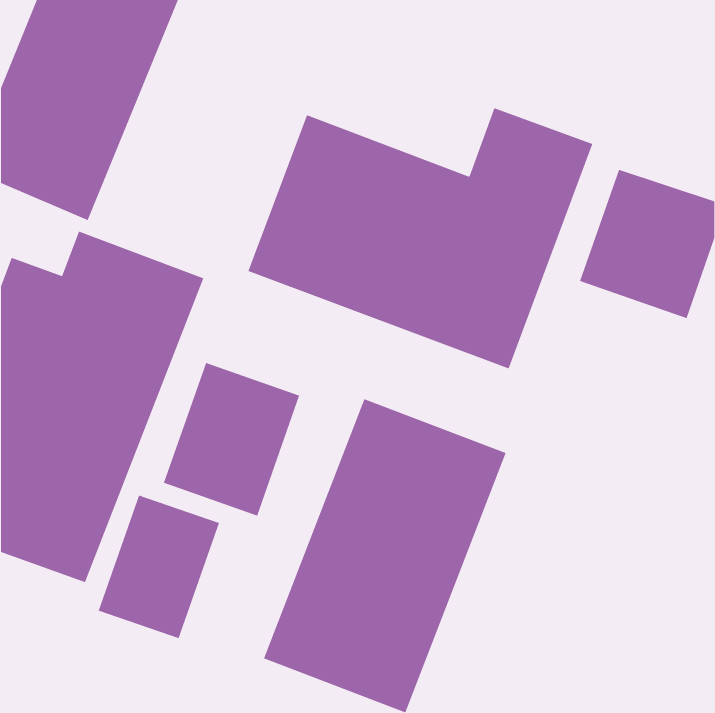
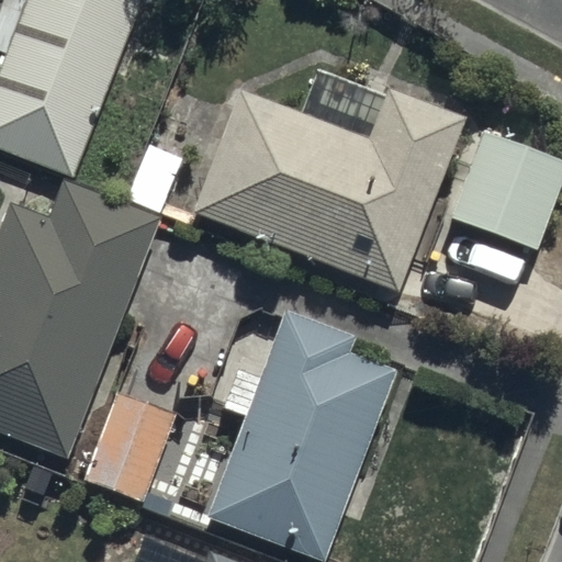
building: [163,362,300,517] -> none

